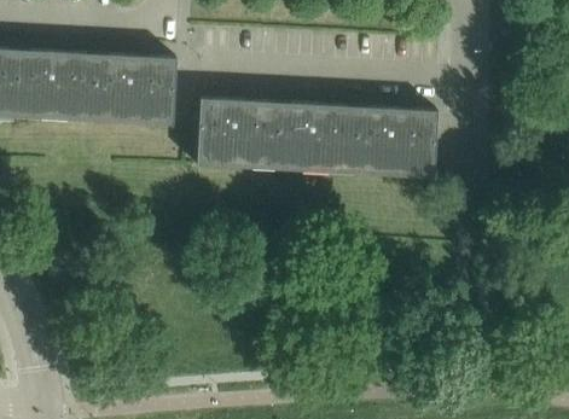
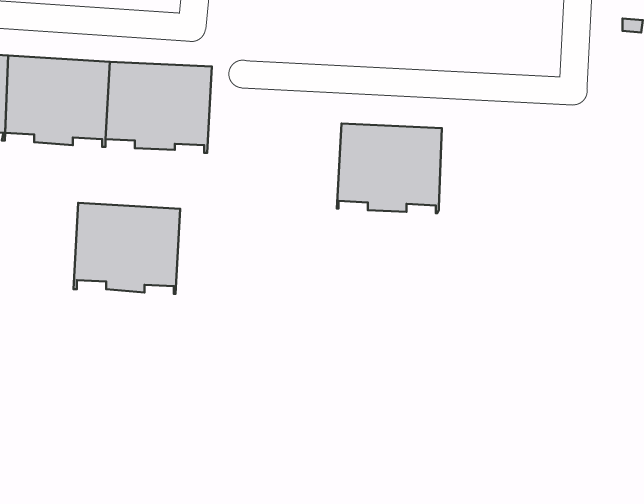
building: [196,98,279,169] -> [74,203,180,294]
building: [355,106,436,179] -> none

